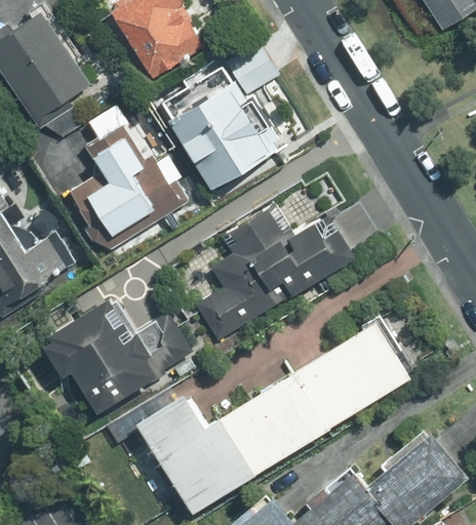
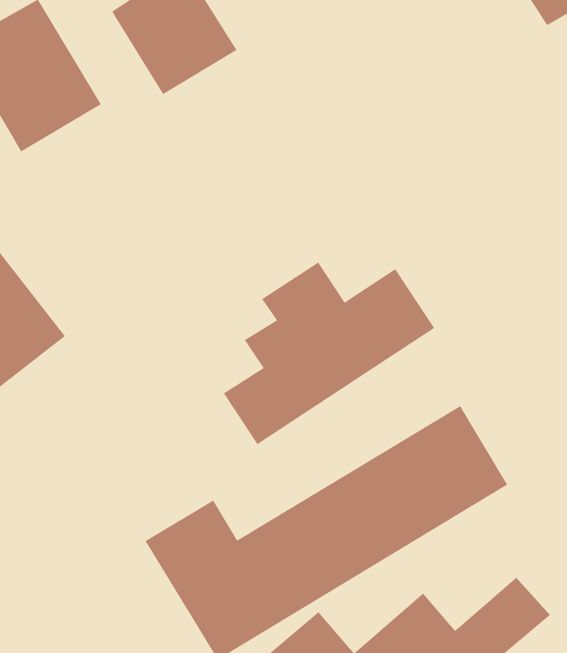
building: [152,49,294,193] -> none
building: [66,111,193,262] -> none
building: [39,295,192,423] -> none

